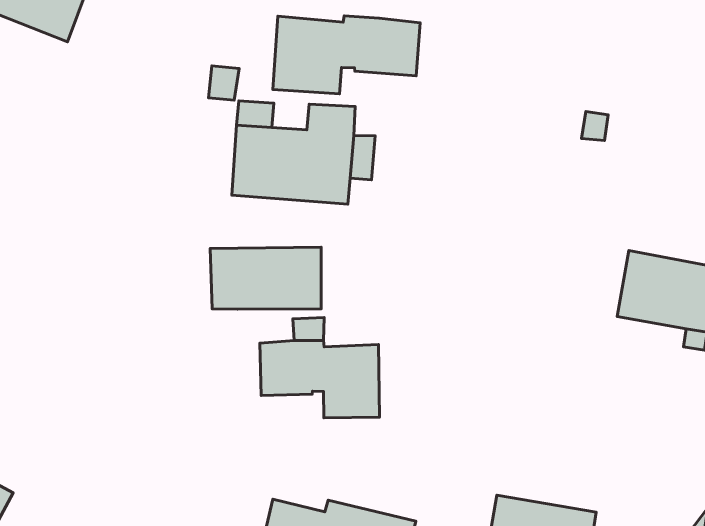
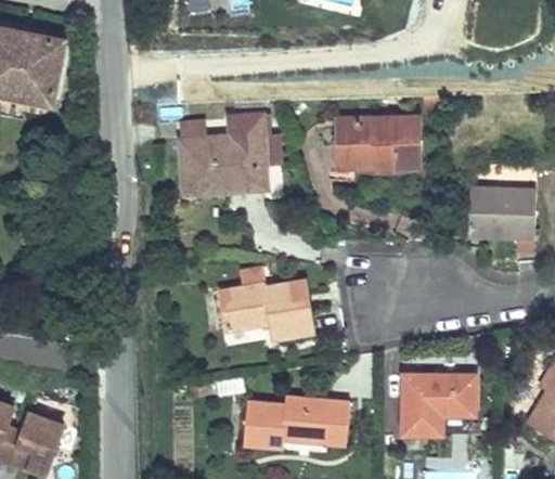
building: [273,16,420,94] -> none
building: none -> [336,118,420,168]
building: [210,247,321,309] -> none

